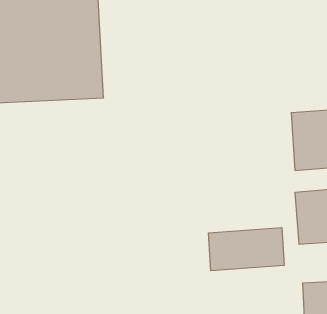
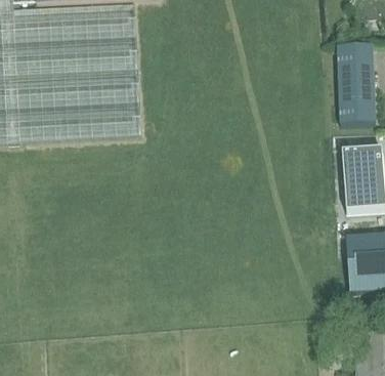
building: none -> [337,44,375,123]
building: [209,228,284,271] -> none

